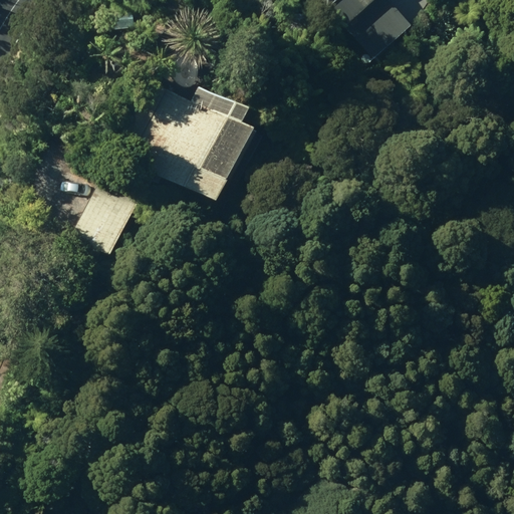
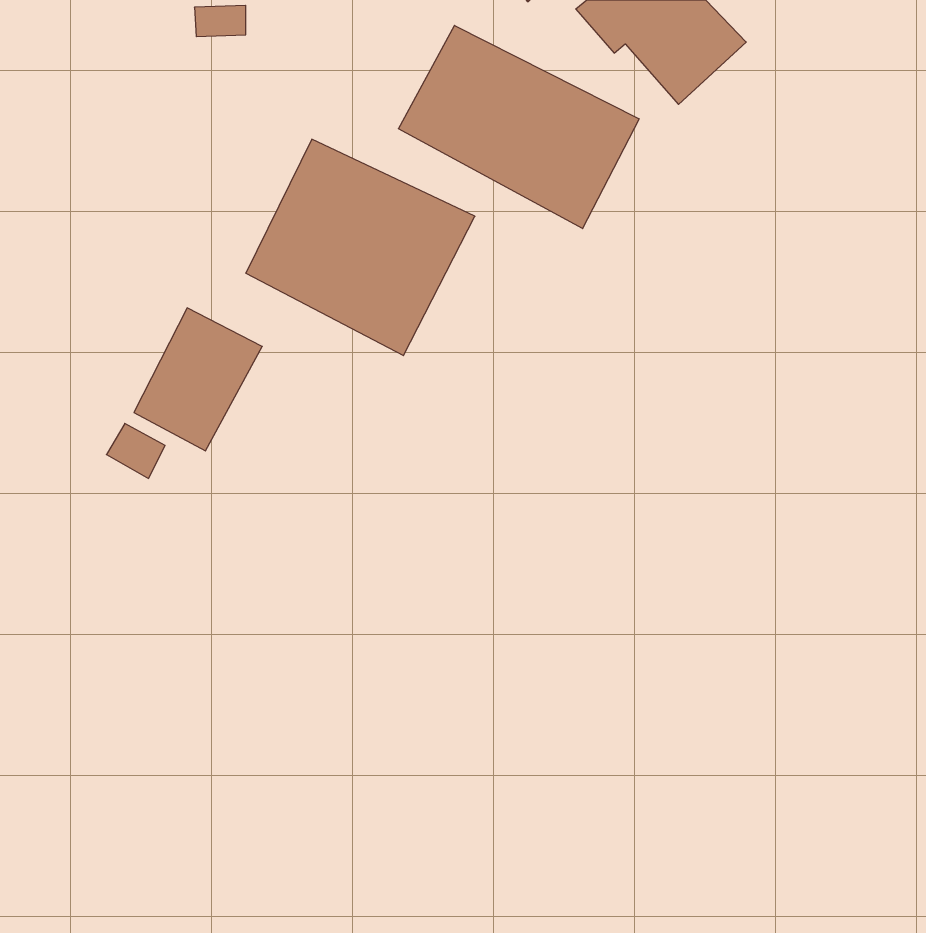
building: none -> [398,25,639,229]

